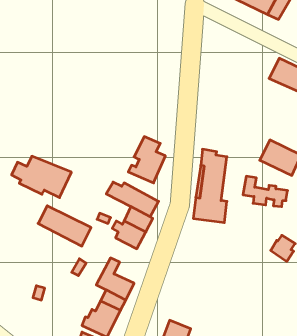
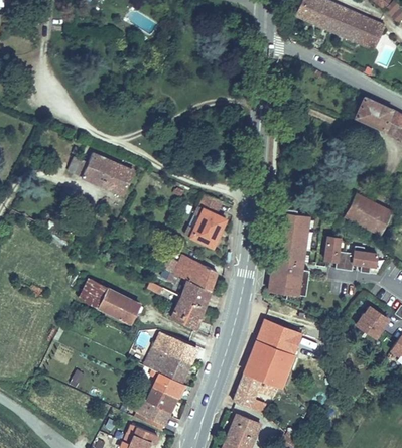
building: [12,156,71,198] -> [68,146,139,195]
building: none -> [233,315,303,406]
building: none -> [169,341,200,366]

